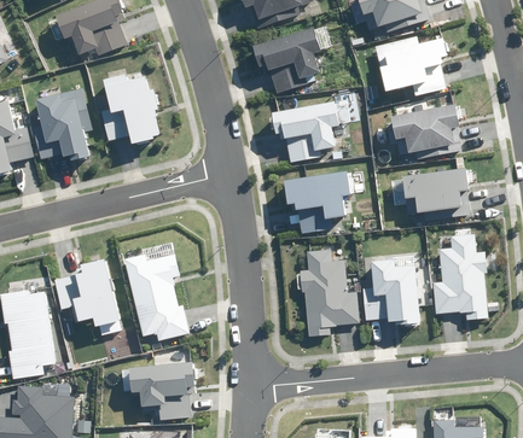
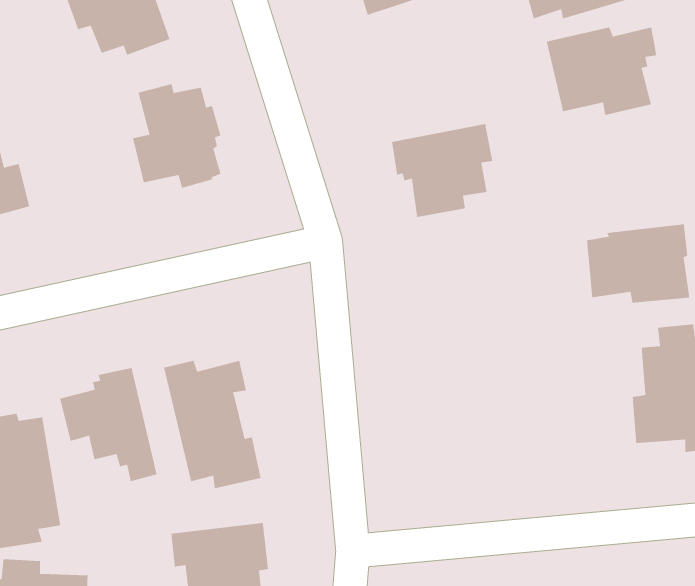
building: [254,24,325,90] -> none
building: [34,87,93,159] -> none
building: [394,103,464,157] -> none
building: [287,169,353,233] -> none
building: [301,247,361,335] -> none
building: [364,256,424,323] -> none

